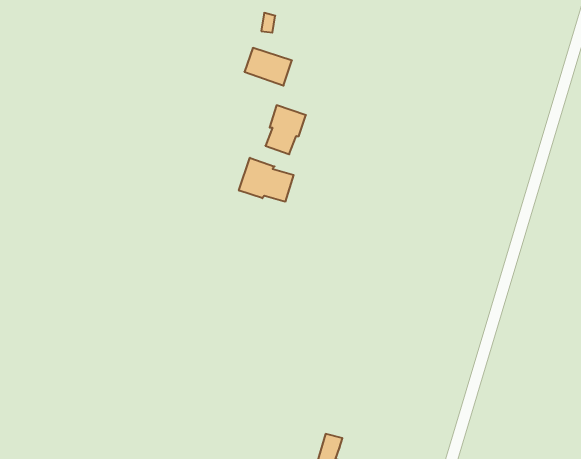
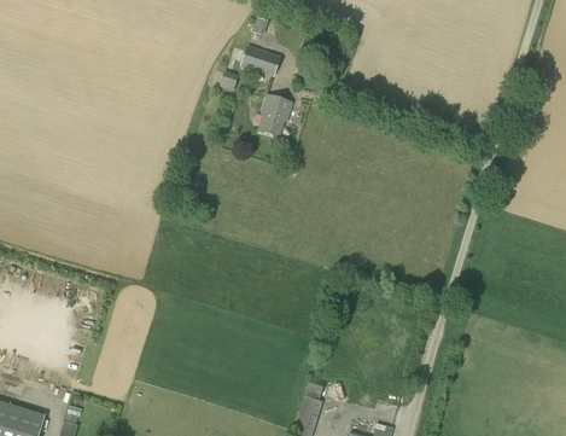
building: [239,158,294,202] -> none

